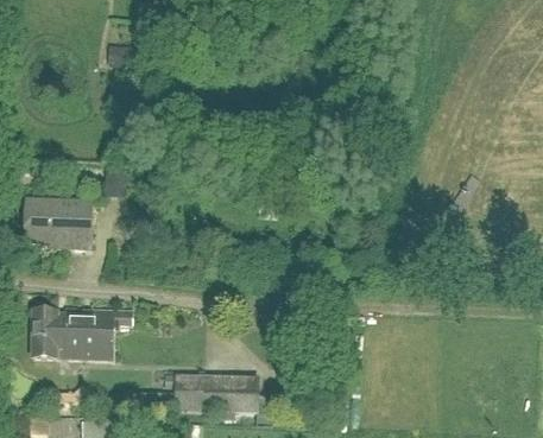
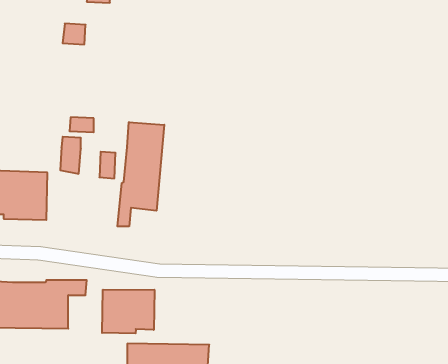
building: none -> [117,122,164,226]
building: none -> [102,290,154,333]

